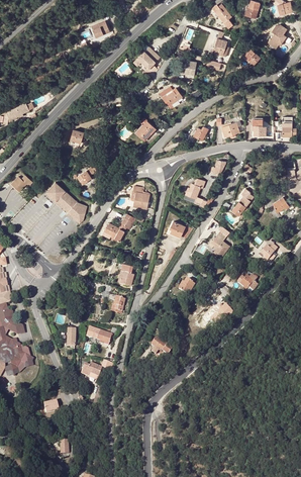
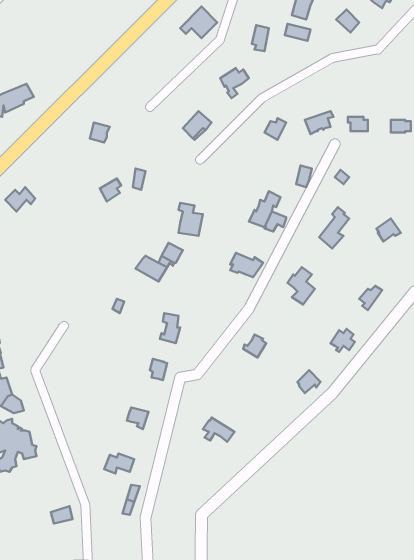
building: [44,181,86,223] -> none

